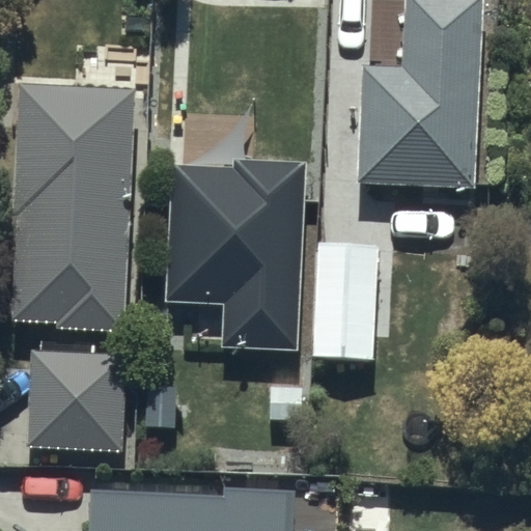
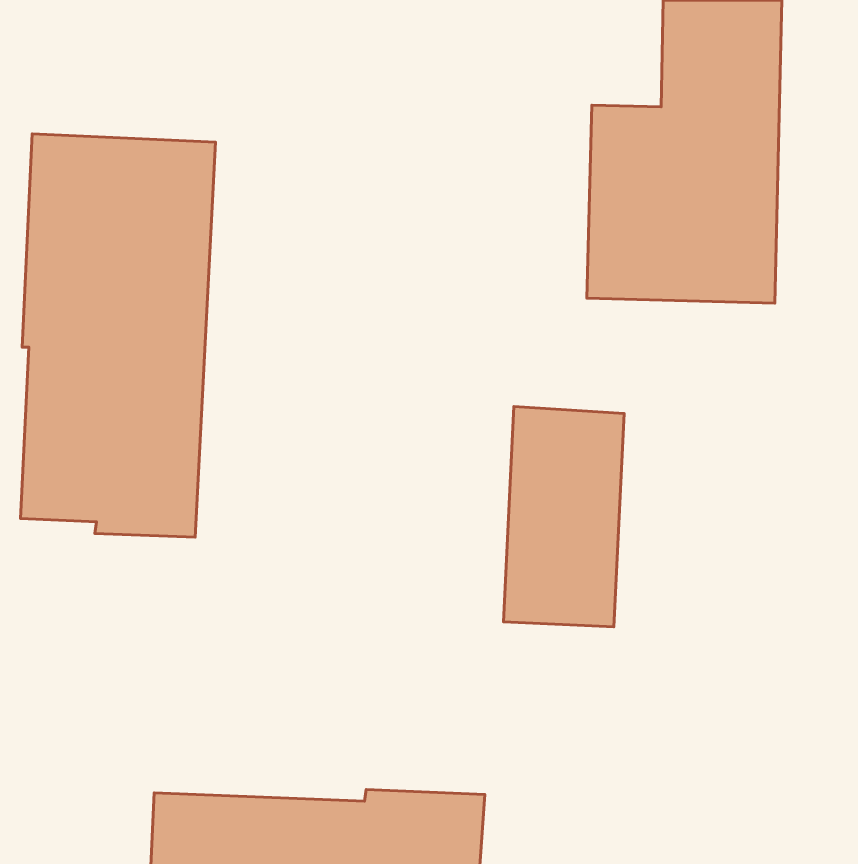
building: [167,160,308,352] -> none
building: [28,352,120,447] -> none

